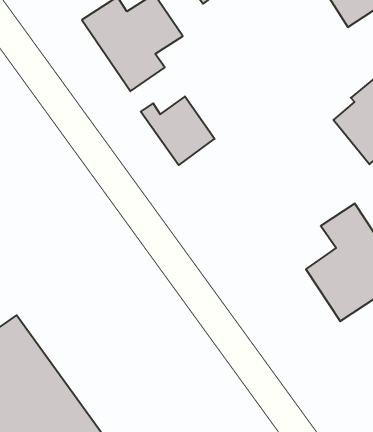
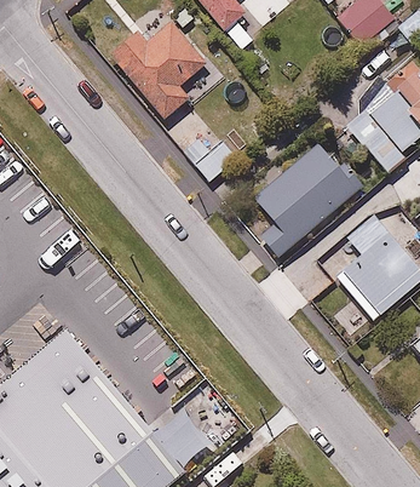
building: none -> [249,141,364,260]

